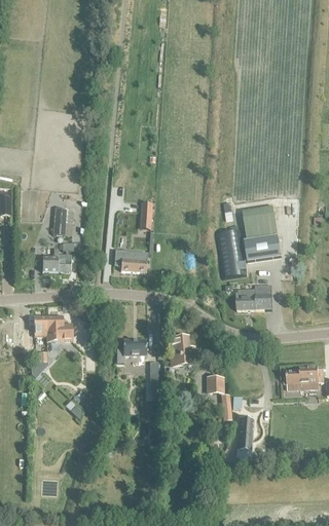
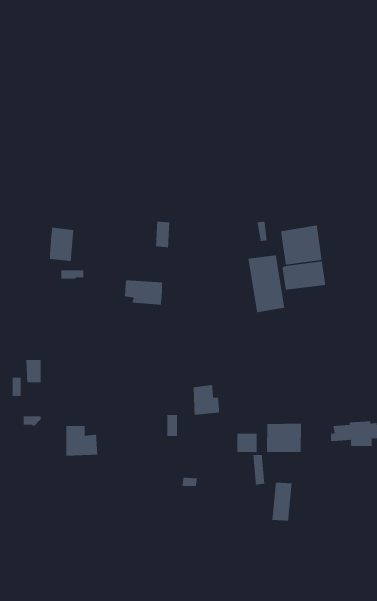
building: [42,251,70,272] -> none
building: [235,286,272,310] -> none
building: [46,316,73,342] -> [66,425,98,456]
building: [116,339,146,363] -> none
building: none -> [266,423,302,453]

